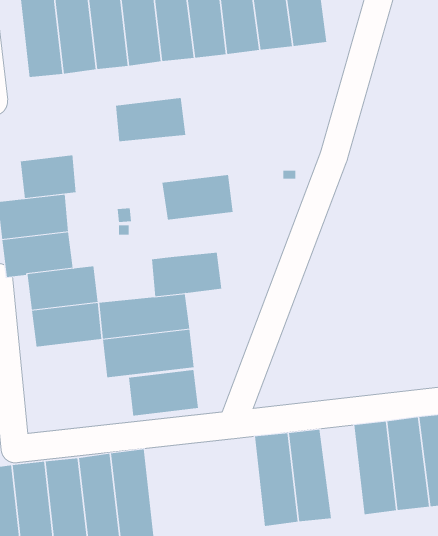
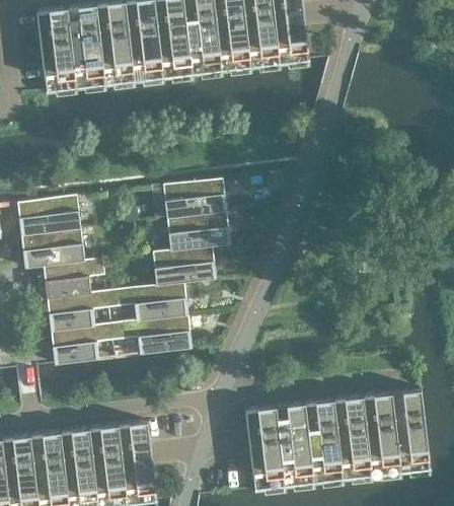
building: [115,97,186,142] -> [167,212,230,251]
building: [20,155,76,199] -> none
building: [128,369,199,416] -> [51,324,114,366]
building: none -> [303,401,342,484]

